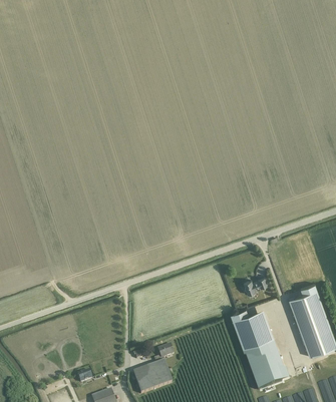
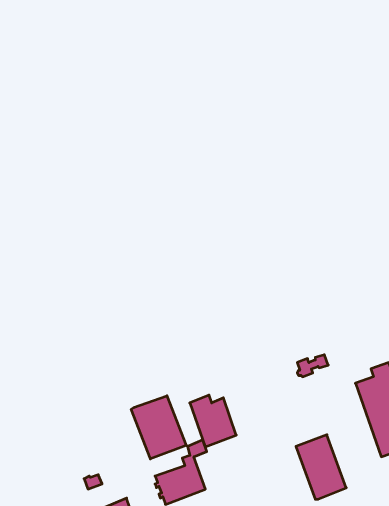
building: [231,308,267,348] -> [190,395,236,447]
building: none -> [131,396,186,459]

